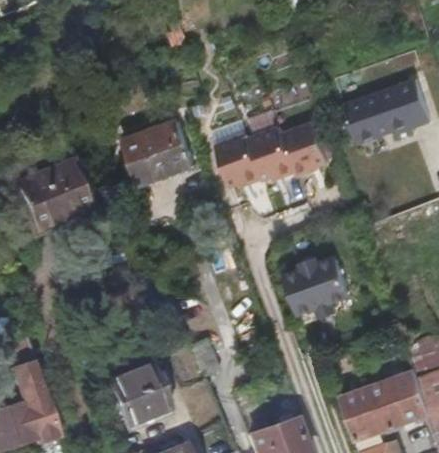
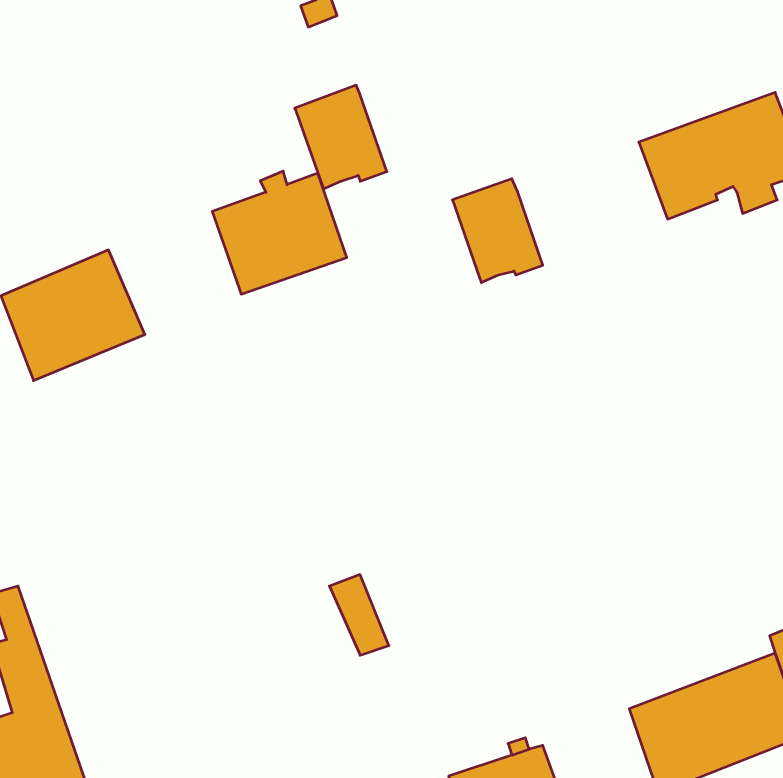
building: [285,119,330,173] -> none
building: [217,129,265,183] -> [295,85,387,189]
building: [287,253,354,312] -> none
building: [107,363,168,425] -> none

